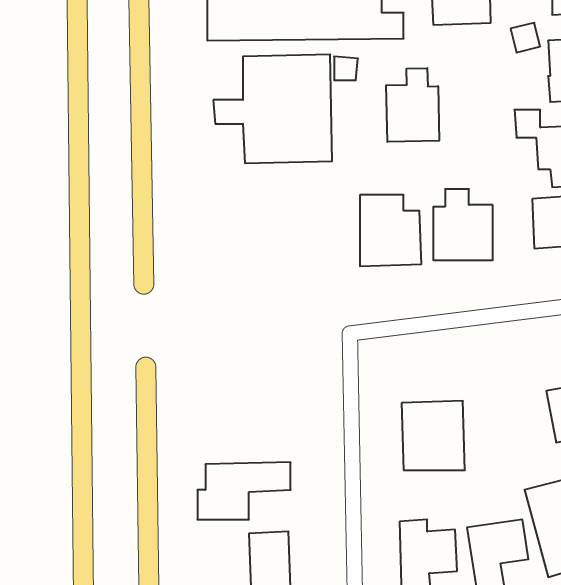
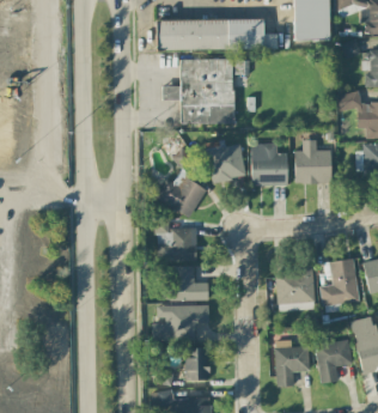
building: [386,68,439,142] -> none
building: none -> [207,142,246,182]
building: none -> [156,171,207,218]
building: none -> [154,217,196,259]
building: none -> [321,257,359,304]
building: none -> [176,266,208,299]

